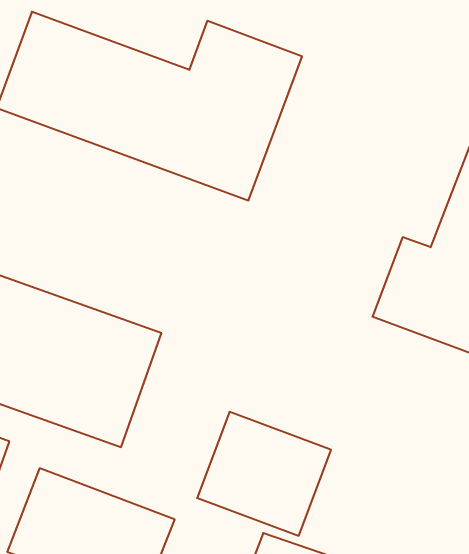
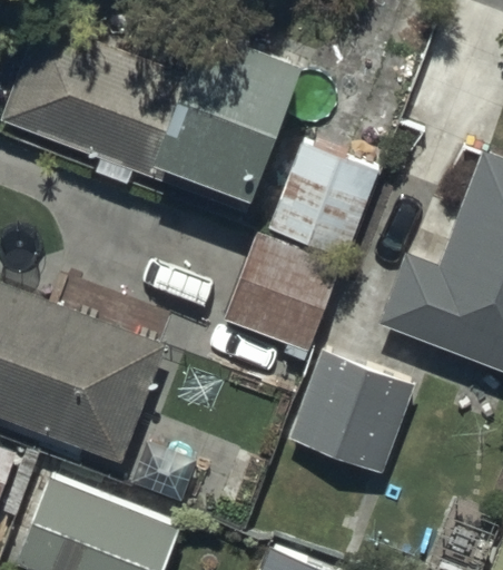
building: none -> [269,142,385,263]
building: none -> [223,240,339,353]
building: [197,412,331,536] -> [285,350,418,473]

